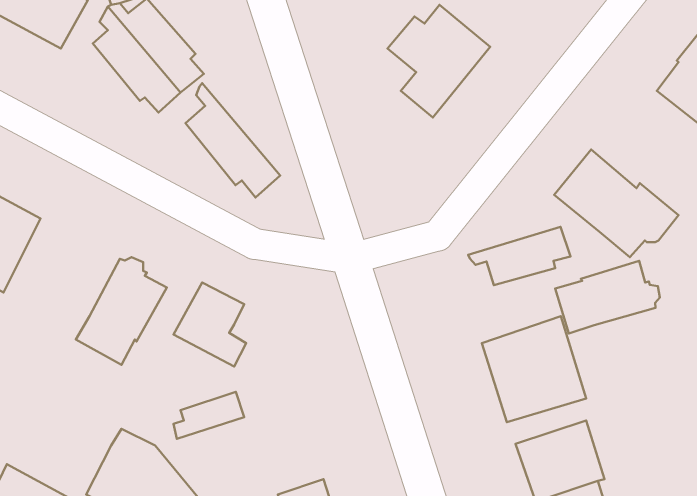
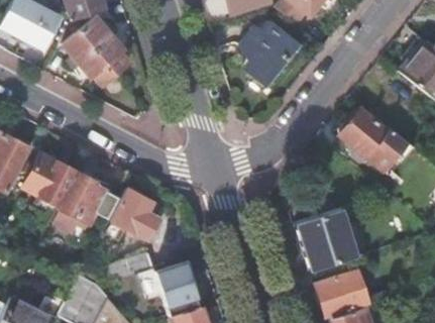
building: [185,83,280,198] -> none
building: none -> [23,152,74,204]
building: [468,227,570,285] -> none
building: [555,261,660,333] -> none
building: none -> [155,259,196,305]

